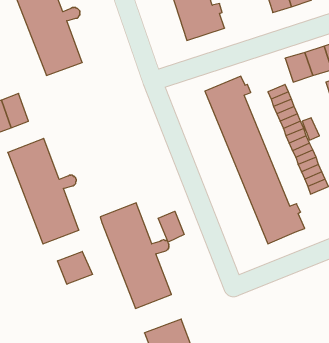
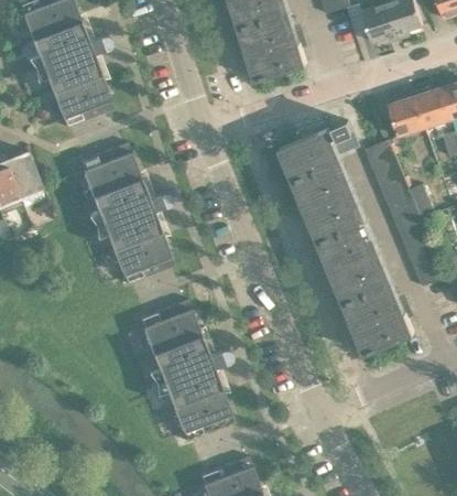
building: [8,138,79,244] -> [79,142,175,284]
building: [158,211,184,242] -> none
building: [58,251,92,284] -> none

